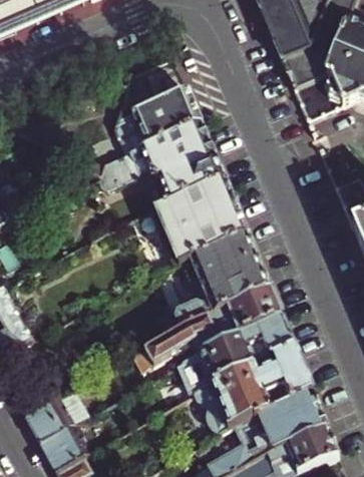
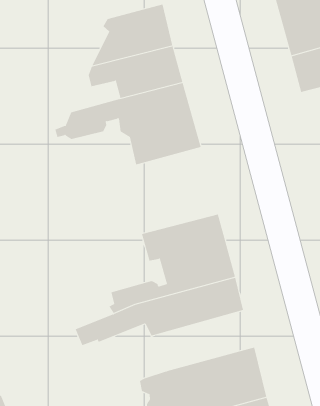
building: [155,178,249,264] -> none
building: [187,318,297,390] -> none

